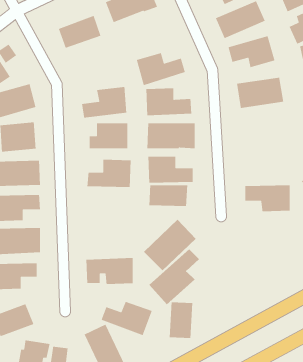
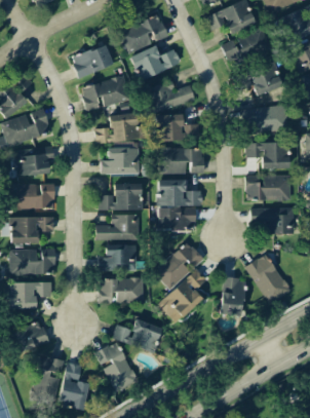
building: none -> [130,45,181,80]
building: none -> [81,77,129,111]
building: none -> [246,142,288,169]
building: none -> [246,176,292,200]
building: none -> [96,215,139,240]
building: none -> [100,244,139,271]
building: none -> [245,253,292,304]
building: [169,301,193,339] -> [222,278,245,314]

